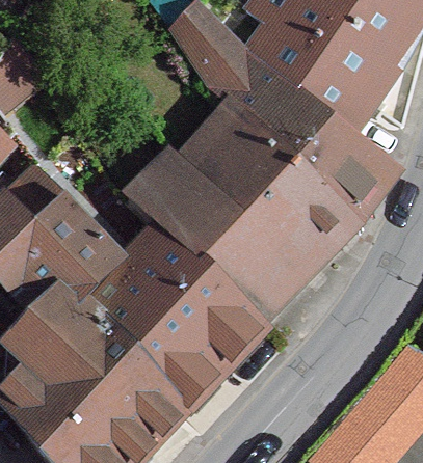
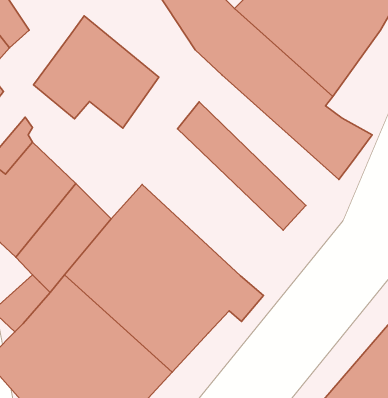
building: none -> [33,16,159,128]
building: [212,115,362,257] -> none
building: [128,155,296,317] -> none

